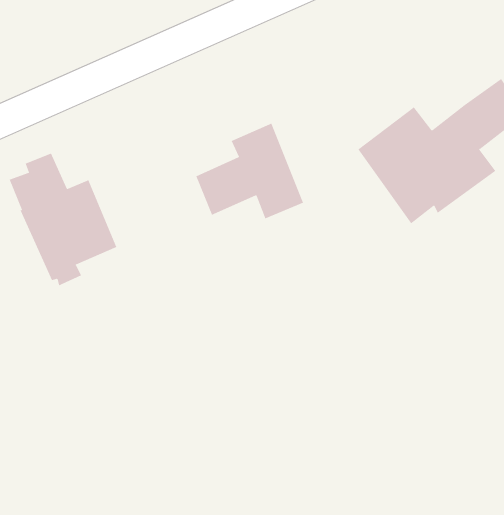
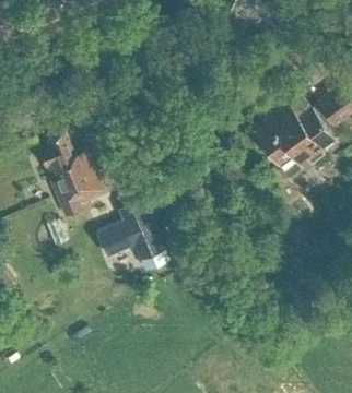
building: [195,123,304,219] -> [97,199,164,258]

